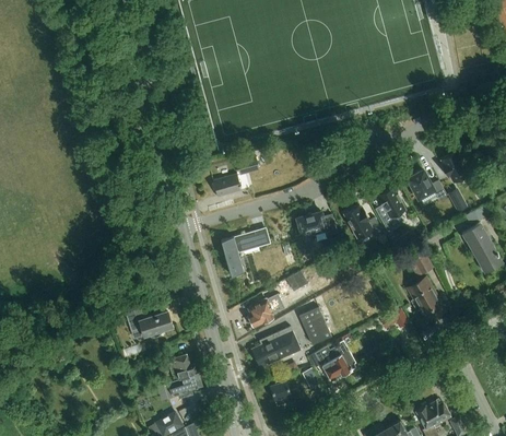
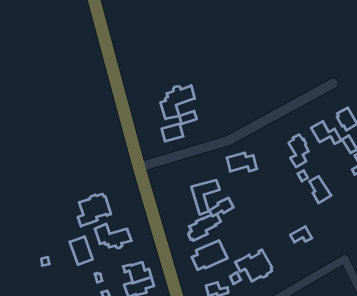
building: none -> [161,85,195,119]
building: [344,207,380,238] -> none
building: [221,232,258,276] -> [191,180,220,214]
building: none -> [78,194,111,226]
building: [408,279,444,321] -> none
building: [298,306,331,344] -> none
building: none -> [70,236,93,265]

